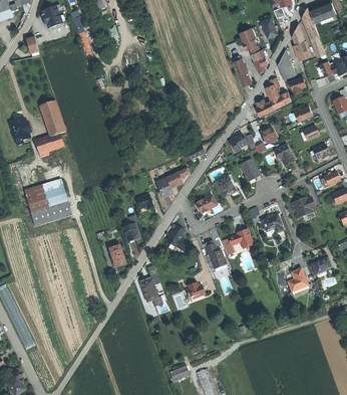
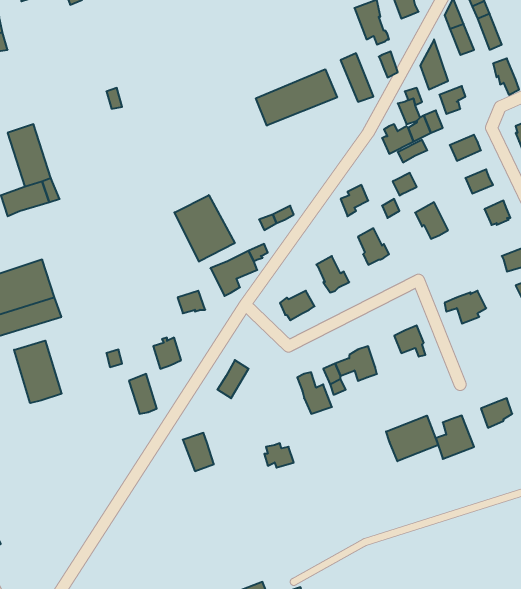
building: none -> [256,69,337,126]
building: none -> [174,195,235,262]
building: none -> [14,341,62,403]
building: none -> [386,416,438,461]

